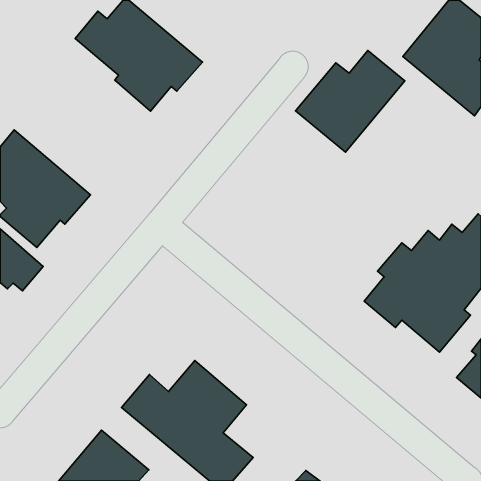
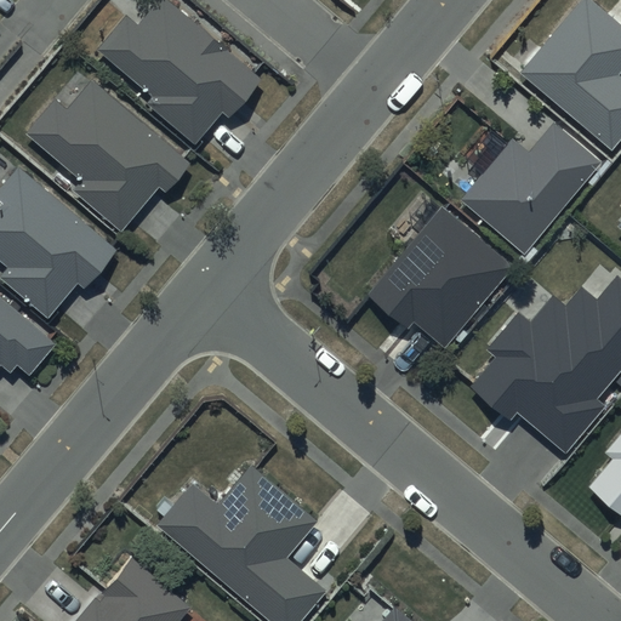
building: [296,51,405,152] -> [460,123,600,253]
building: none -> [25,80,188,232]
building: none -> [365,206,512,344]

